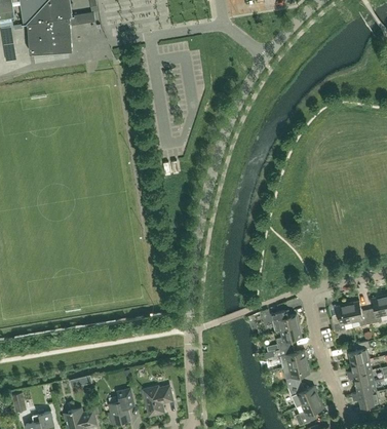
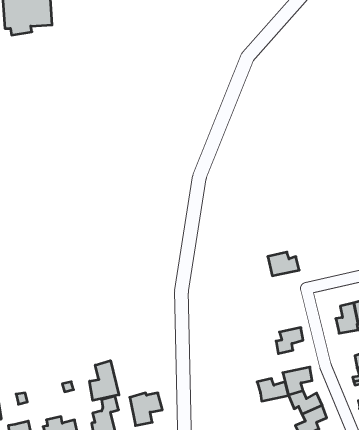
building: [270,310,299,332] -> [268,252,299,276]
building: [278,347,307,367] -> [257,379,289,401]
building: none -> [90,361,119,400]

